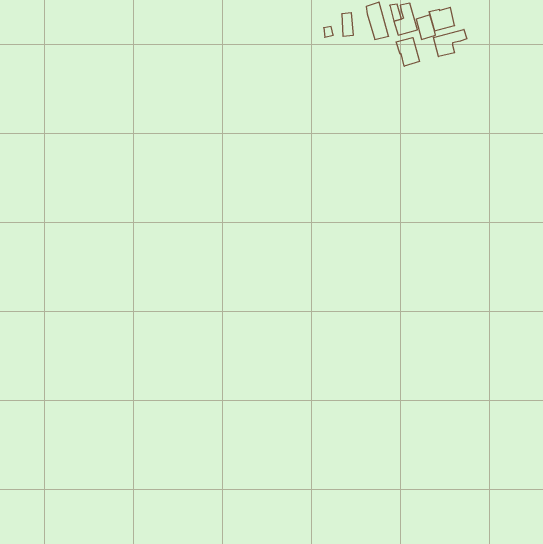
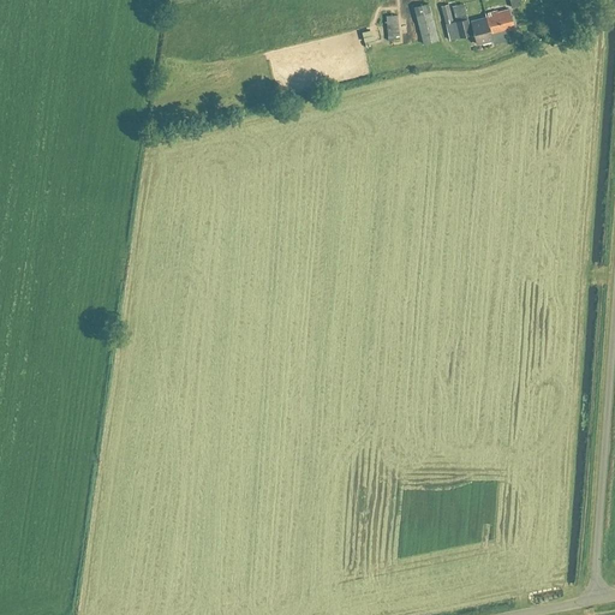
building: [433,29,467,57] -> none
building: [396,38,420,66] -> none

